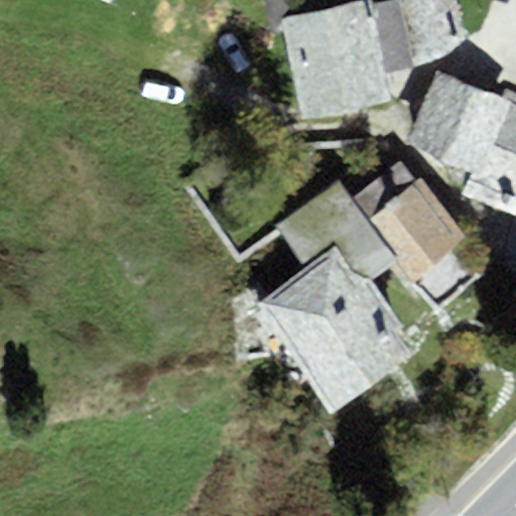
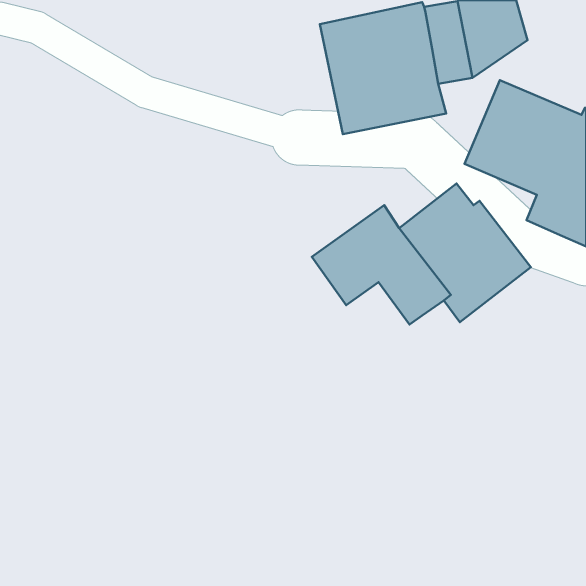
building: [252,248,410,413] -> none

